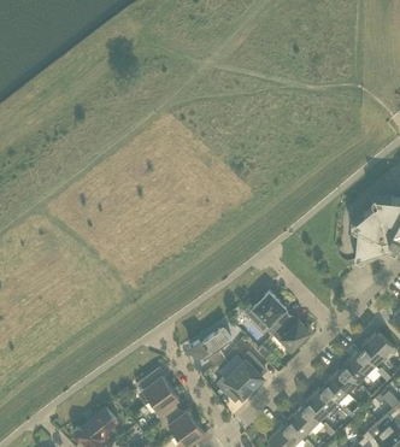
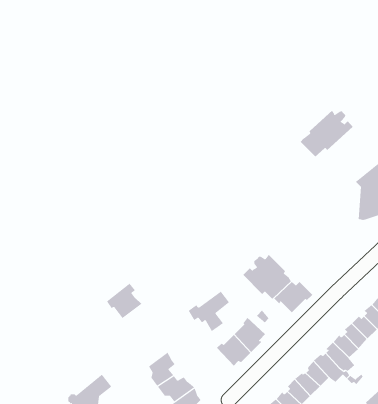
building: none -> [300,110,354,158]
building: [136,367,171,402] -> [106,283,142,319]

